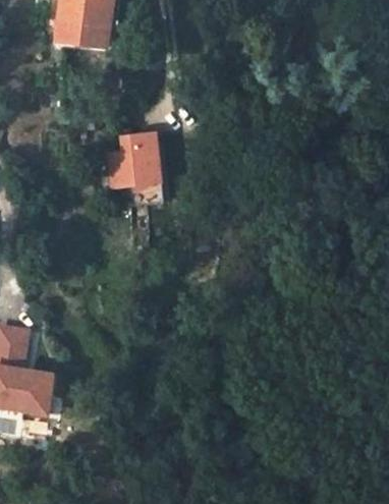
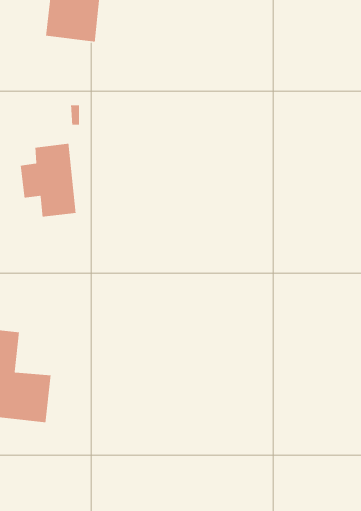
building: [107,134,162,207] -> [20,143,77,218]

